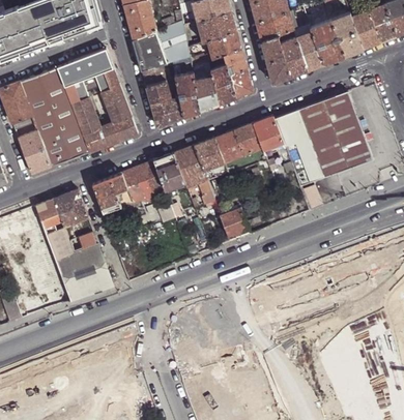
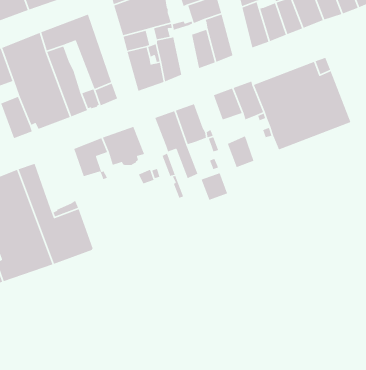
building: [195,74,218,111] -> none
building: [213,130,241,163] -> [227,135,255,168]
building: [152,153,184,190] -> none
building: [53,189,88,228] -> none

